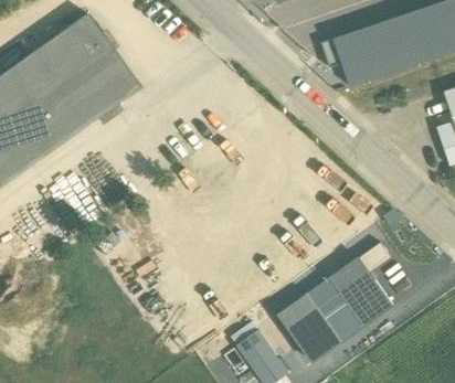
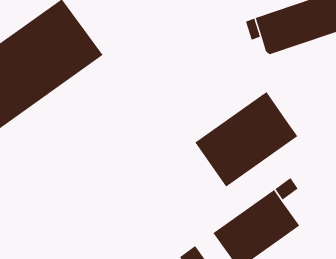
building: none -> [195,91,298,187]

